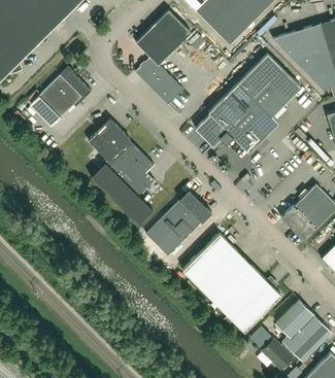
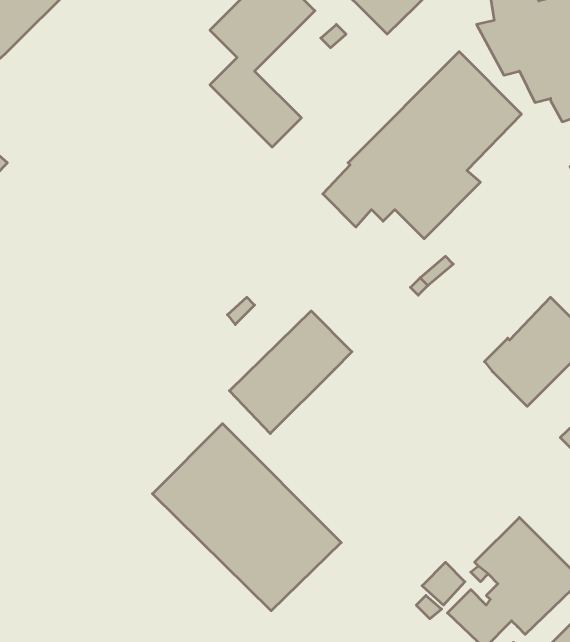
building: [30,65,91,125] -> none
building: [88,118,154,224] -> none
building: [181,233,281,332] -> [152,424,341,611]

